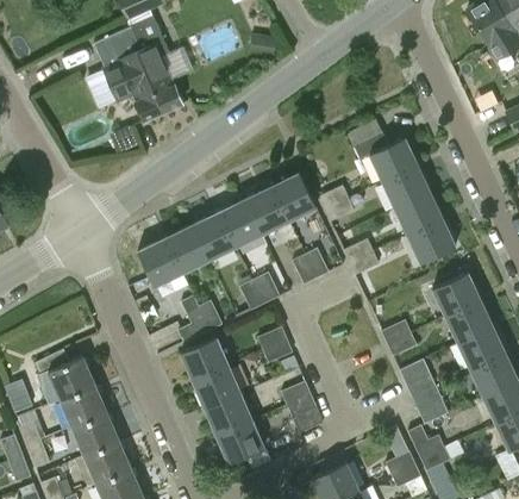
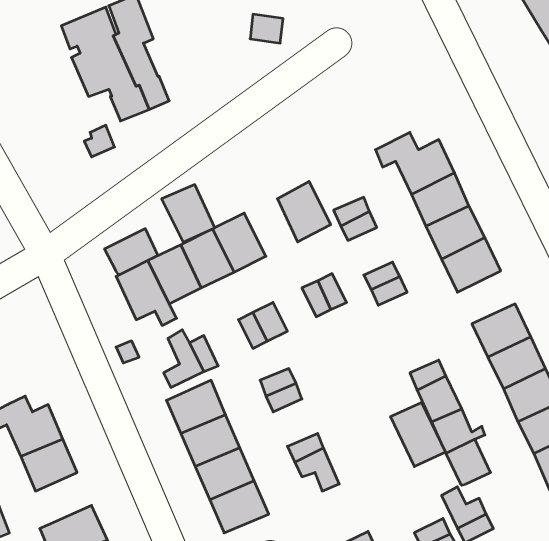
building: [244,187,288,235] -> [162,185,215,242]
building: none -> [105,229,158,275]
building: none -> [391,402,445,467]
building: [71,413,118,456] -> none

